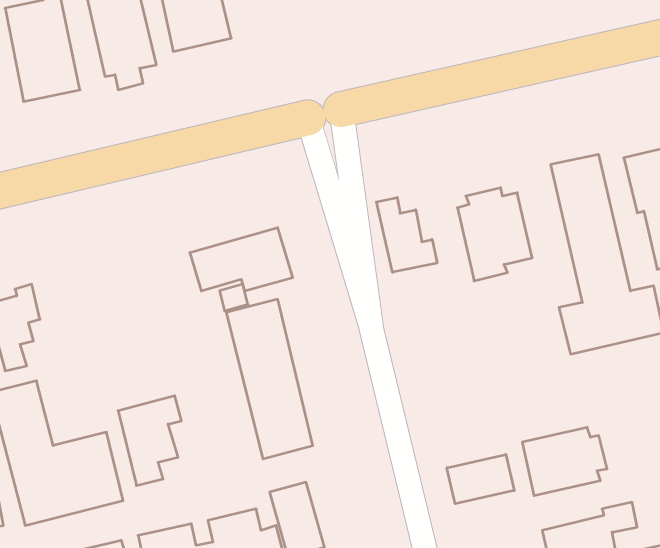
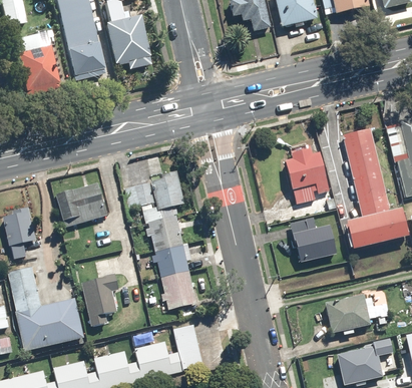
building: [376,197,437,272] -> none
building: none -> [56,181,108,228]
building: none -> [290,216,338,262]
building: [447,454,514,504] -> none

